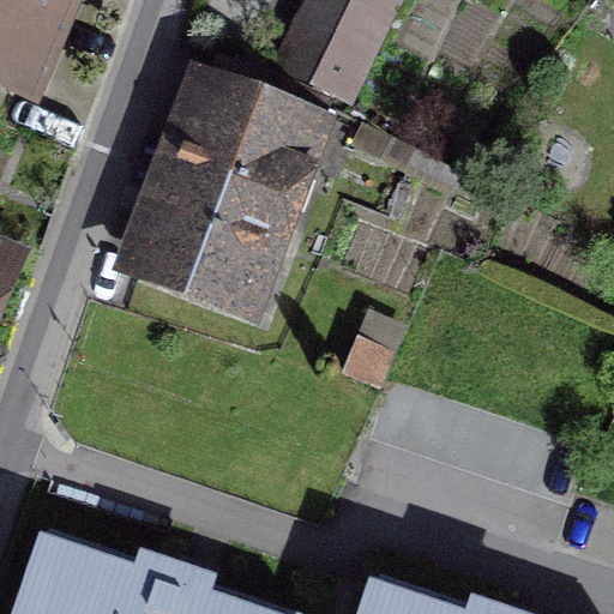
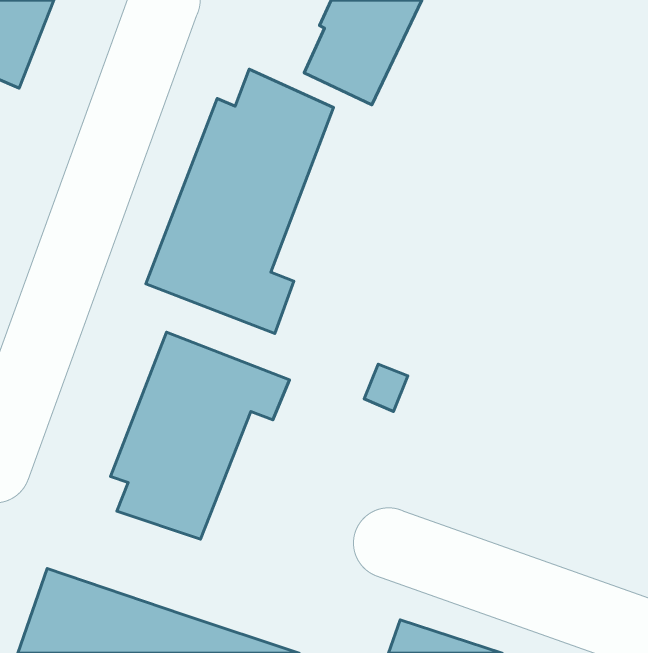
building: none -> [111,332,289,539]

